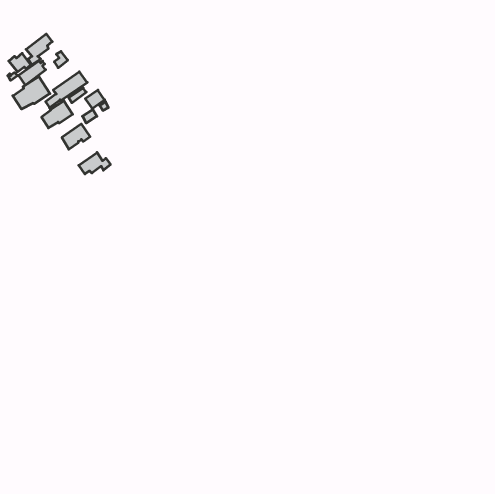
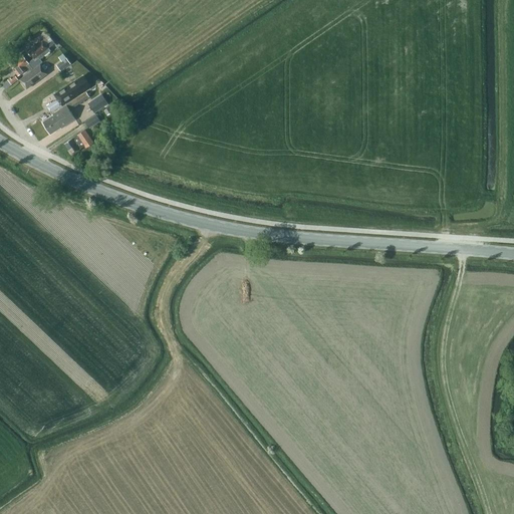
building: [13,76,50,109] -> none
building: [79,152,110,174] -> none

